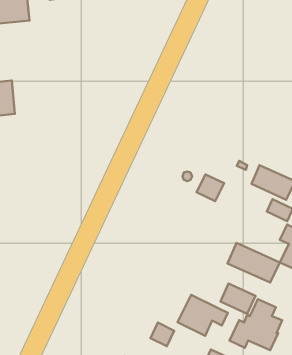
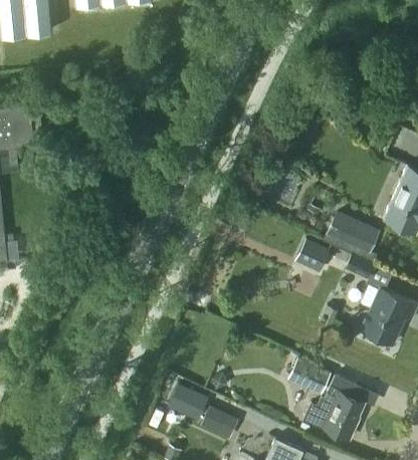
building: [197,174,224,201] -> [295,239,330,272]
building: [227,243,280,283] -> none
building: [178,295,228,336] -> none
building: none -> [174,386,207,419]

